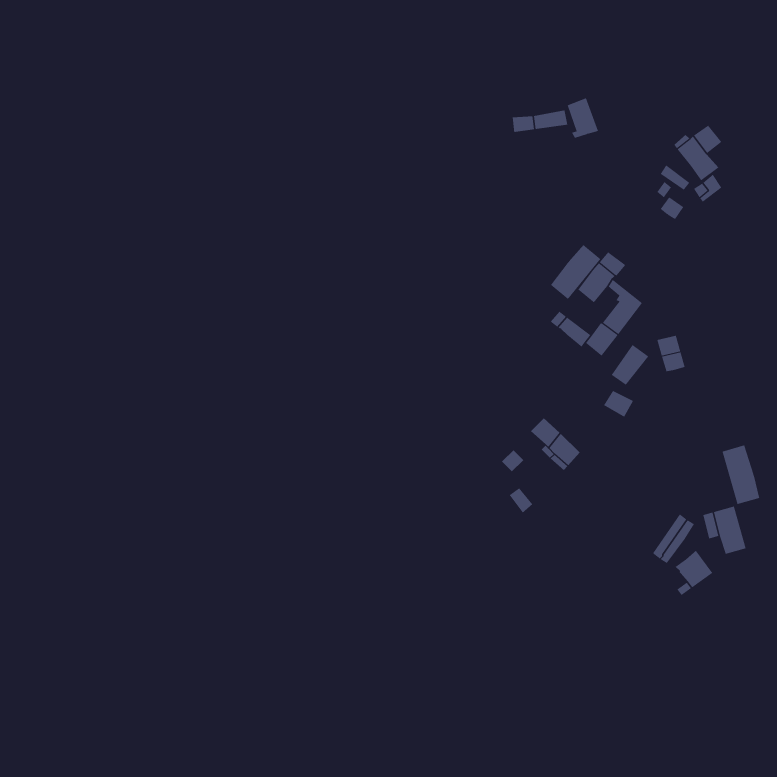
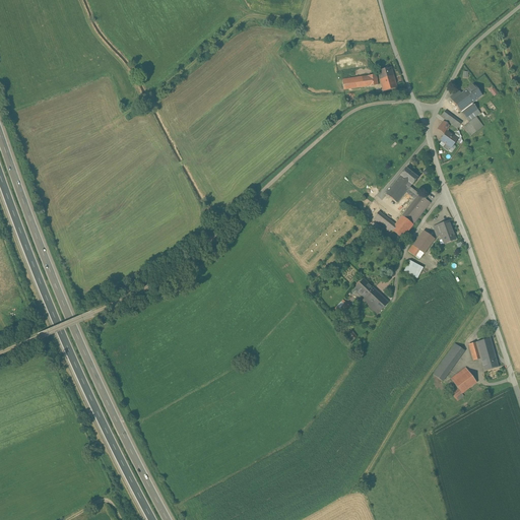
building: [550,244,601,300] -> none
building: [722,445,760,505] -> none

